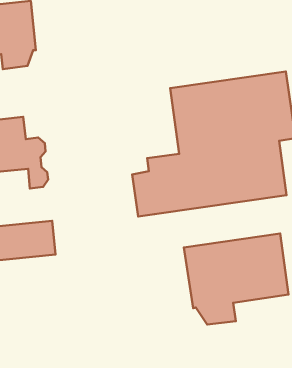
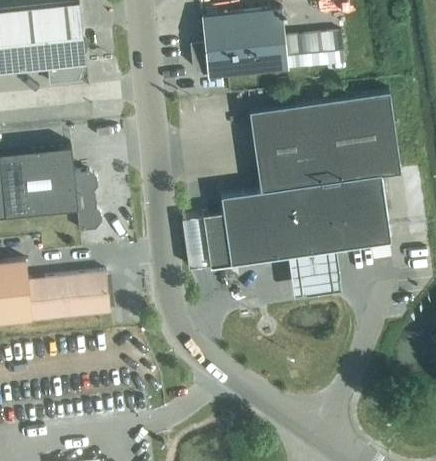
building: none -> [191,9,344,78]
building: [184,234,288,324] -> none

